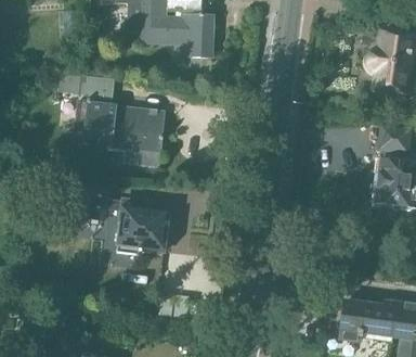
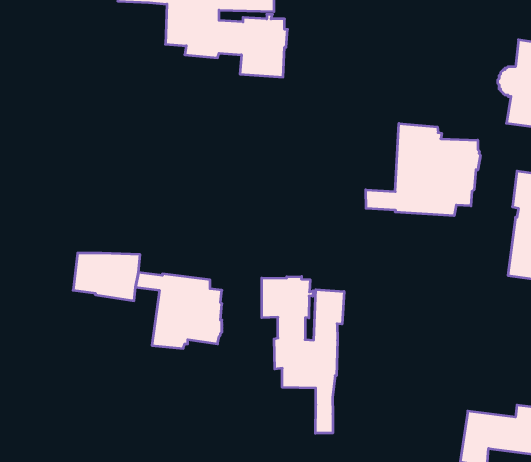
building: [56,71,162,167] -> none
building: none -> [366,123,480,216]
building: none -> [262,276,344,433]

